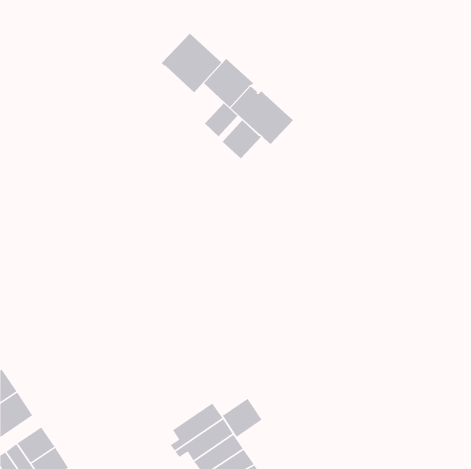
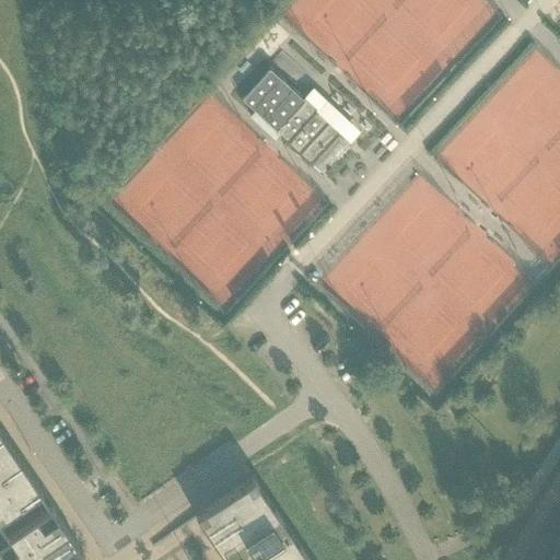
building: [161,33,222,93] -> none
building: [204,102,238,137] -> none
building: [222,120,262,159] -> none
building: [222,398,263,438] -> none

